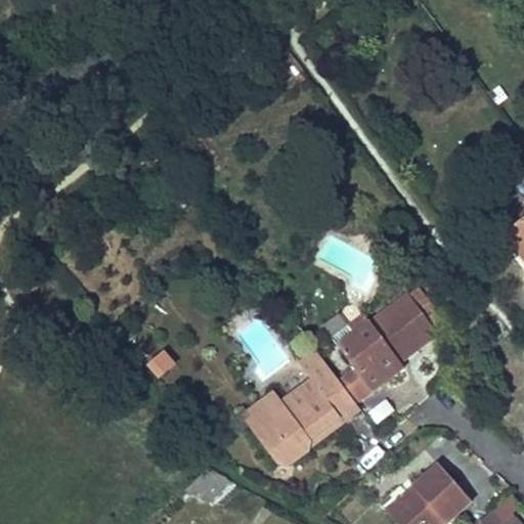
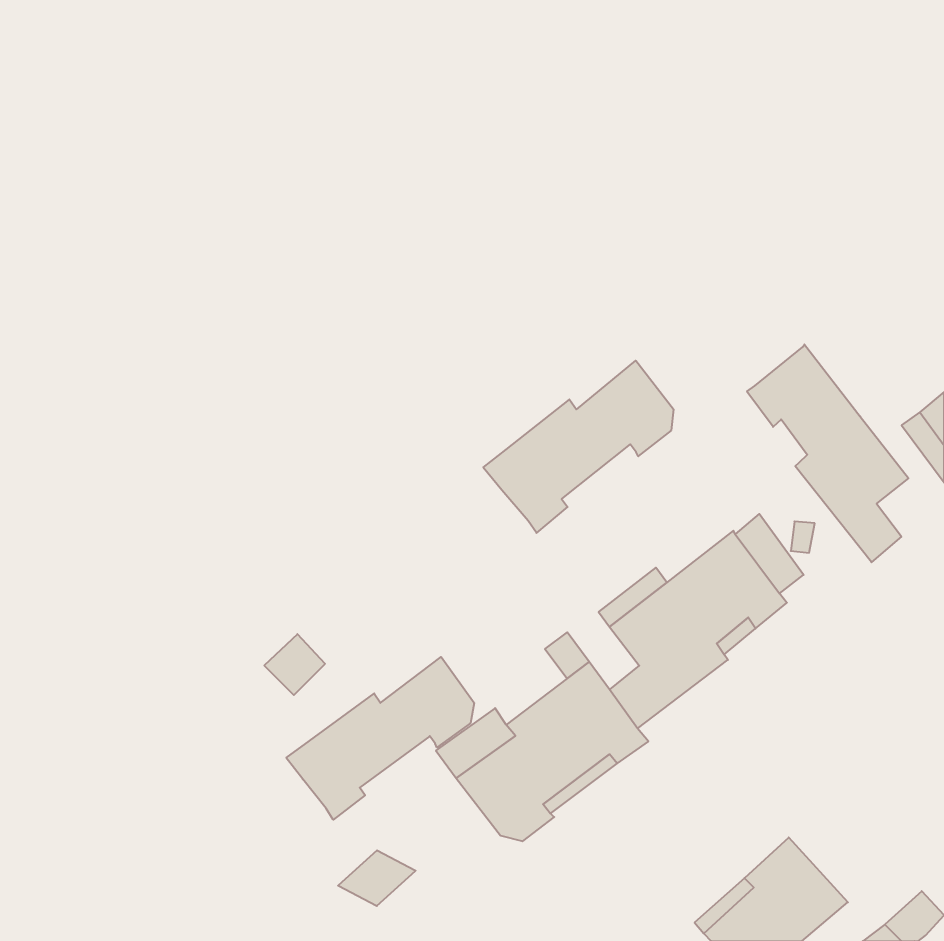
building: none -> [747,344,908,562]
building: none -> [483,361,673,533]
building: none -> [286,657,474,820]

